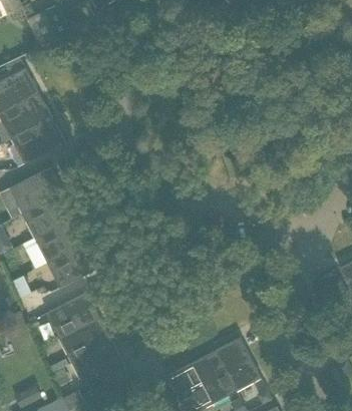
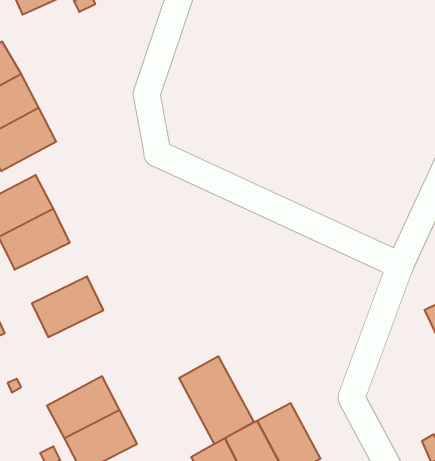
building: [33,218,87,263] -> none
building: [44,292,98,339] -> none
building: none -> [179,356,254,444]

